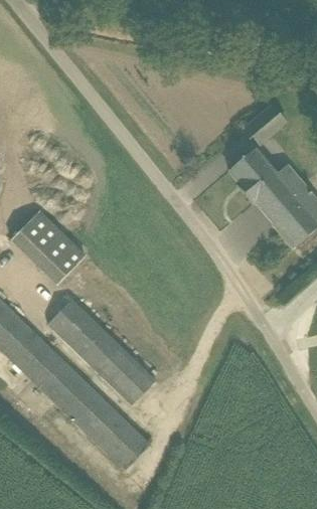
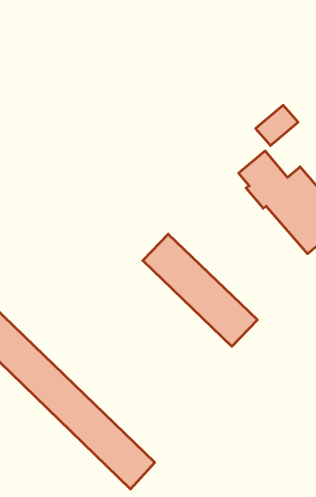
building: [13,208,89,282] -> none
building: [46,298,155,404] -> [143,234,257,346]

